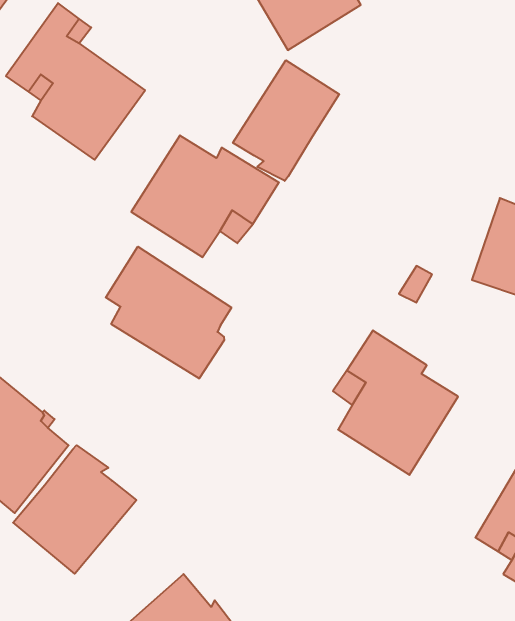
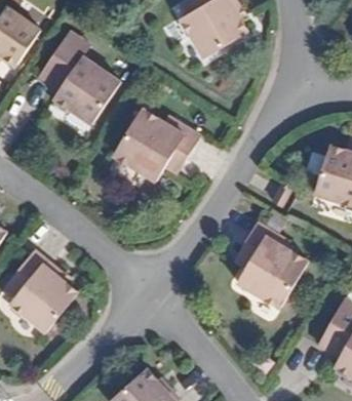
building: [233,60,339,181] -> none
building: [106,247,231,379] -> none
building: [13,445,136,574] -> none

